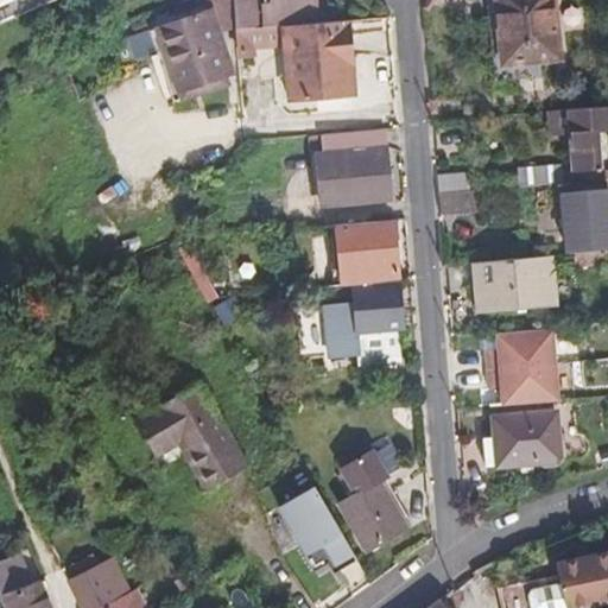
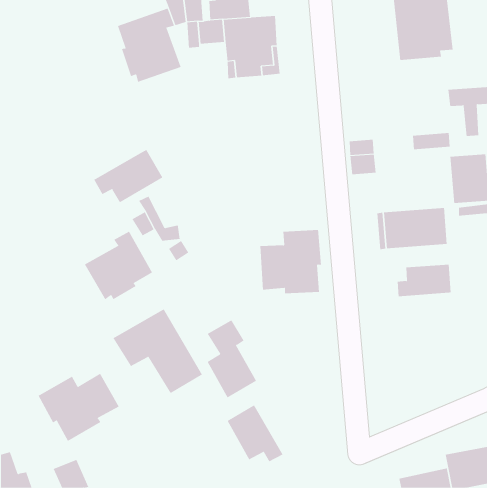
building: [306,131,391,205] -> none
building: none -> [93,149,163,203]
building: [335,221,400,285] -> none
building: none -> [84,231,153,300]
building: [494,362,563,401] -> none
building: [493,412,559,464] -> none
building: [341,452,403,550] -> [207,319,257,398]
building: none -> [38,373,119,442]

